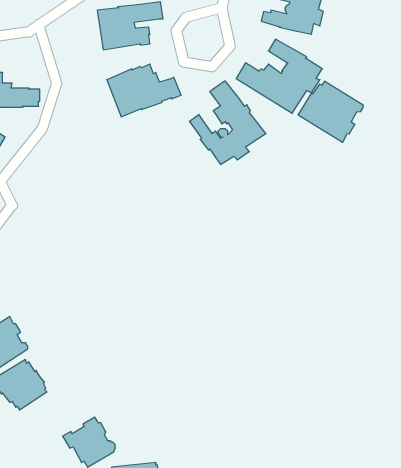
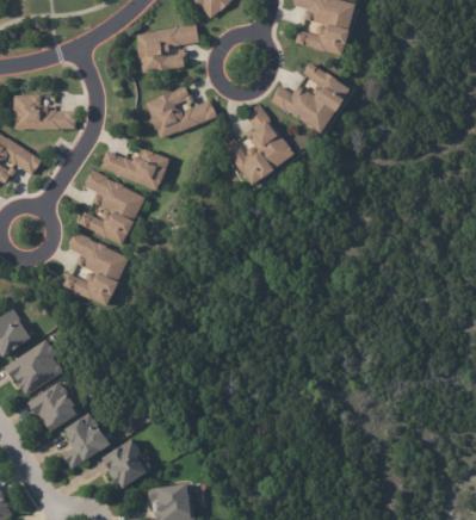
building: [298,81,363,142] -> none
building: none -> [98,149,171,191]
building: none -> [78,168,144,246]
building: none -> [63,231,129,310]
building: none -> [60,411,115,468]

